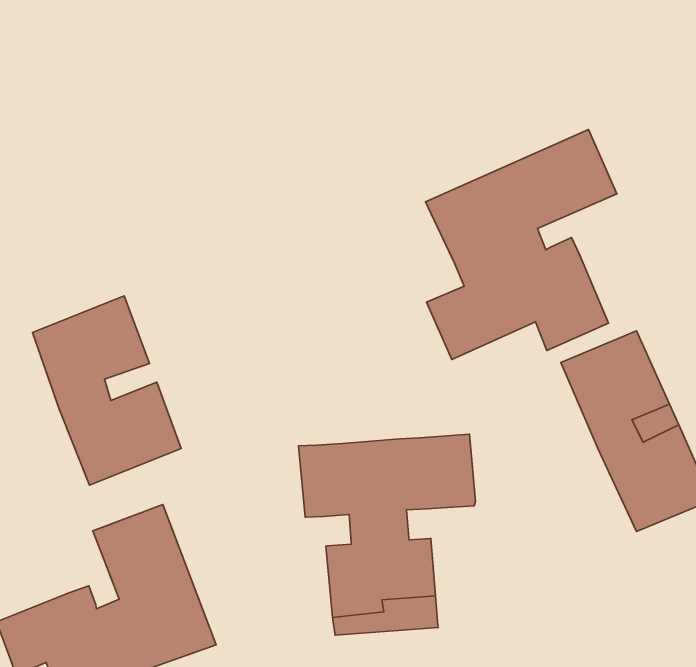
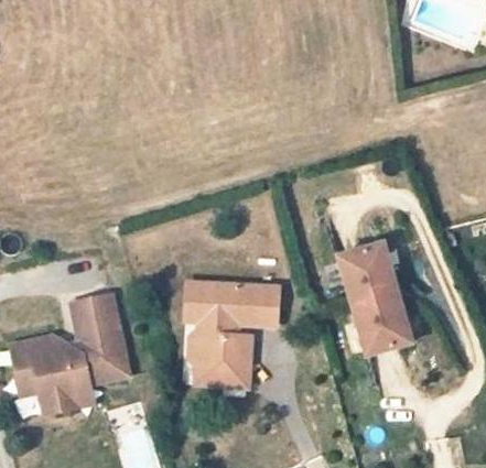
building: [425,129,617,359] -> none
building: [32,296,181,485] -> none

